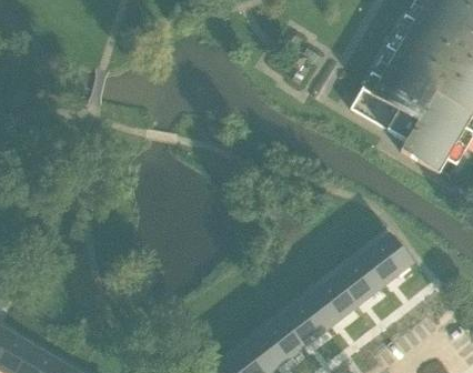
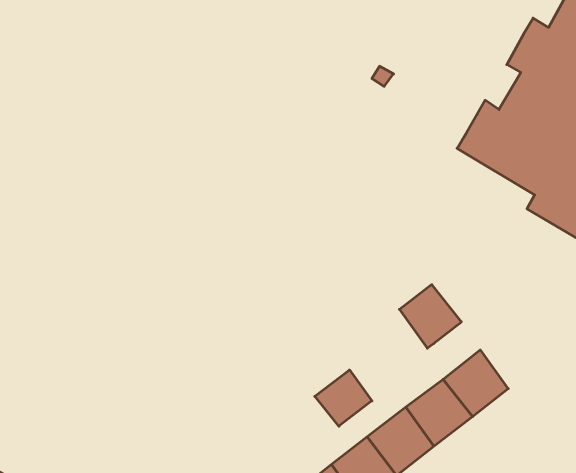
building: [365,234,410,280] -> [399,285,461,348]
building: none -> [315,370,372,426]

